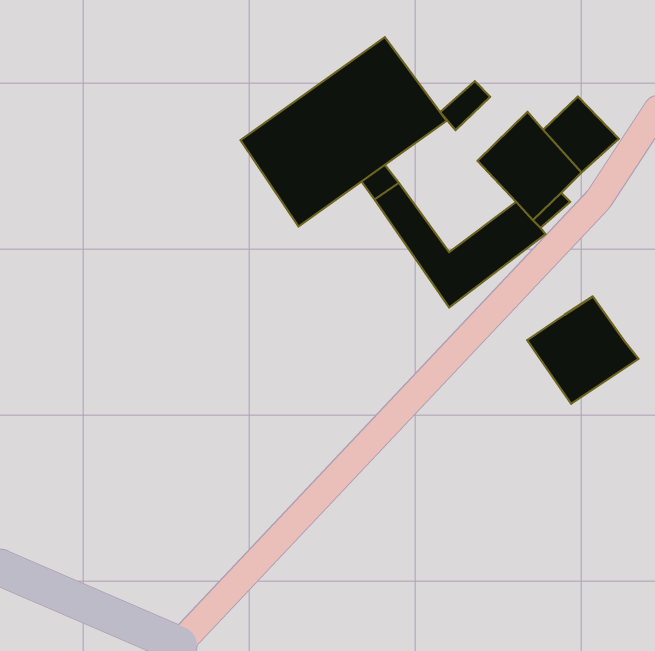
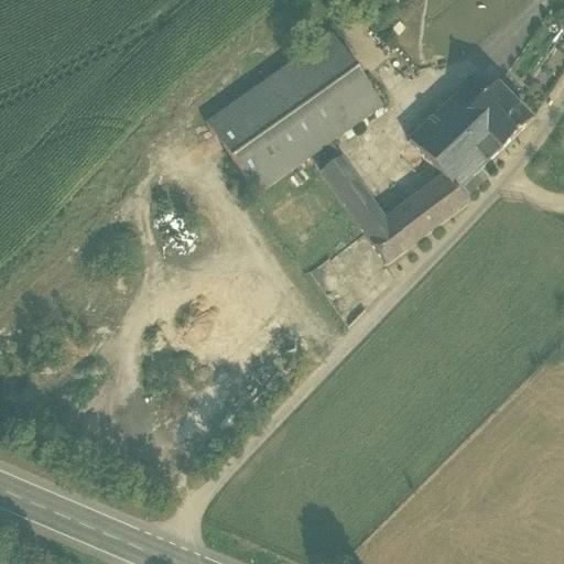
building: [440,81,490,130] -> [454,69,497,111]
building: [527,296,638,404] -> none

